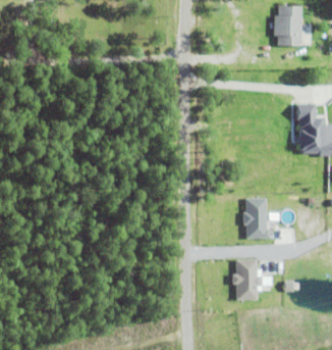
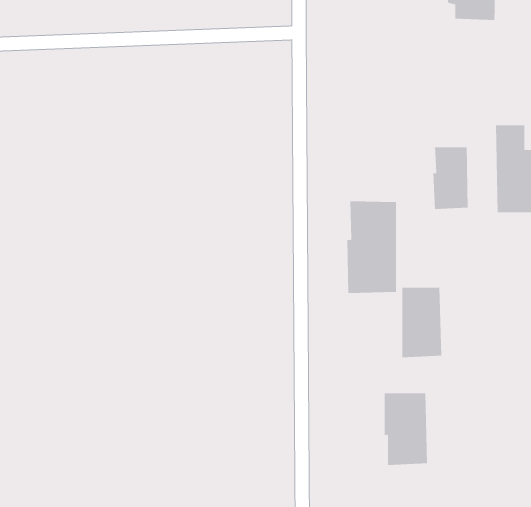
building: none -> [433,146,468,210]
building: none -> [347,201,397,294]

